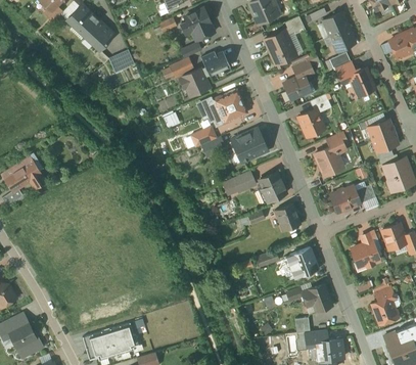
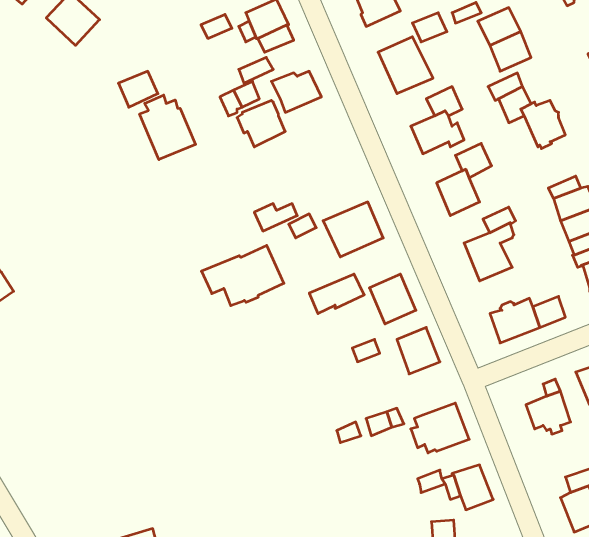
building: [84,20,113,50] -> none
building: none -> [140,95,196,160]
building: [197,90,246,126] -> [201,245,284,306]

